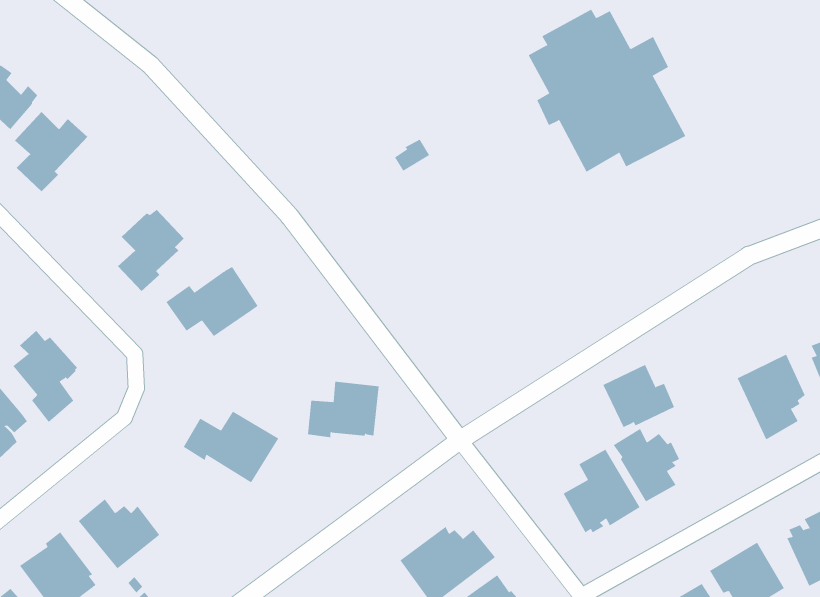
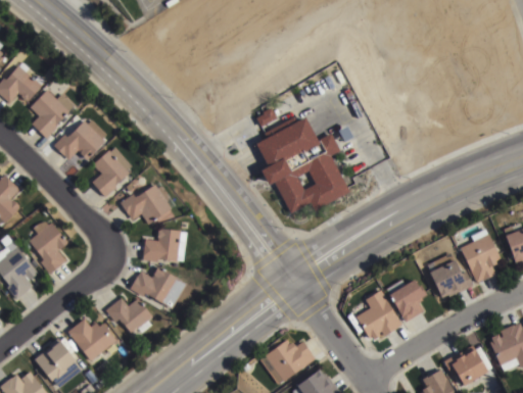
building: [528,9,686,172] -> [255,115,349,212]
building: none -> [53,118,106,160]
building: [602,364,675,428] -> [429,260,472,298]
building: [307,381,379,438] -> [143,229,186,262]
building: none -> [105,298,152,334]

